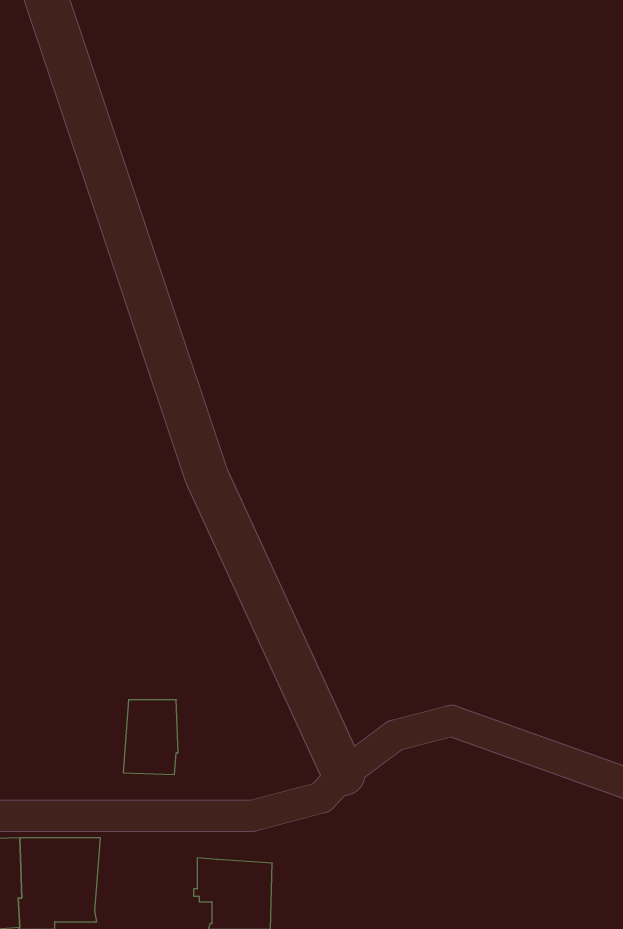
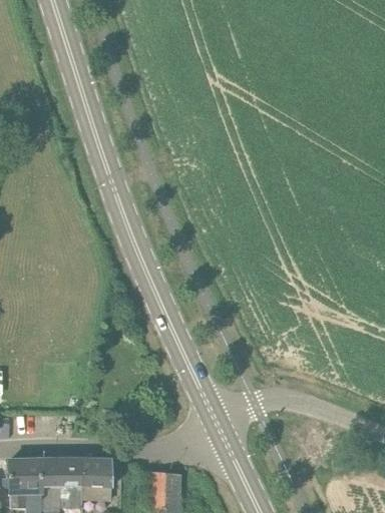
building: [123,700,178,775] -> [81,460,111,501]

